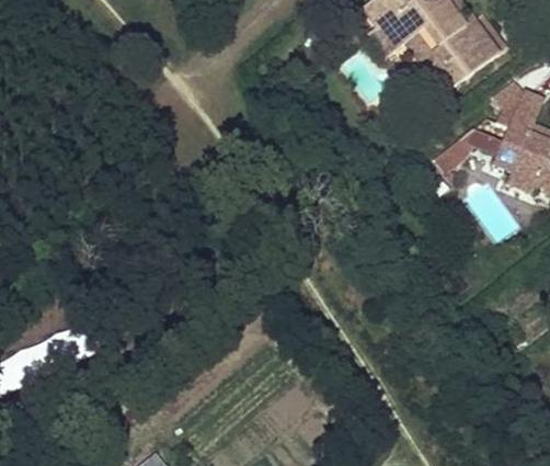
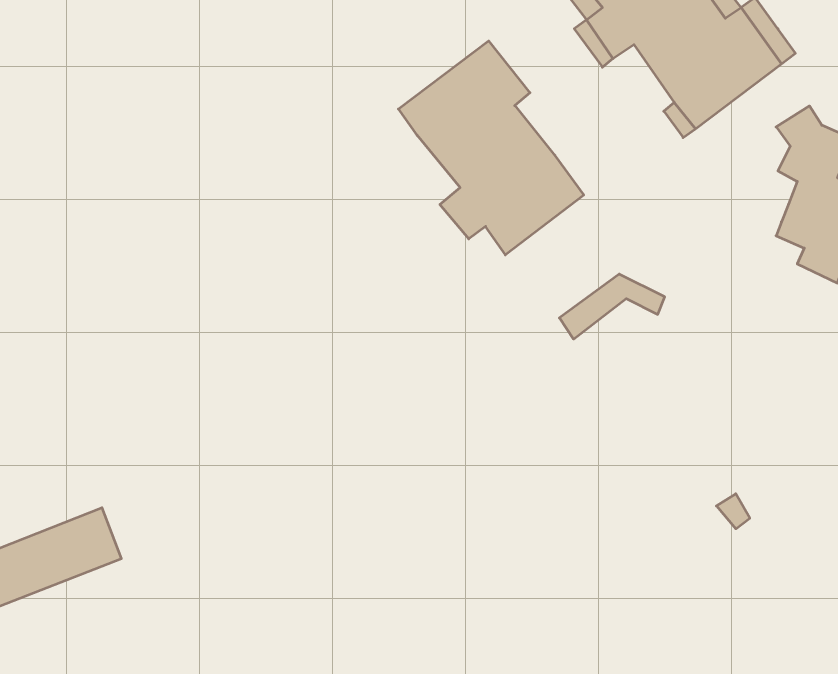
building: none -> [398,41,584,255]
building: [437,127,503,168] -> [559,274,665,339]

